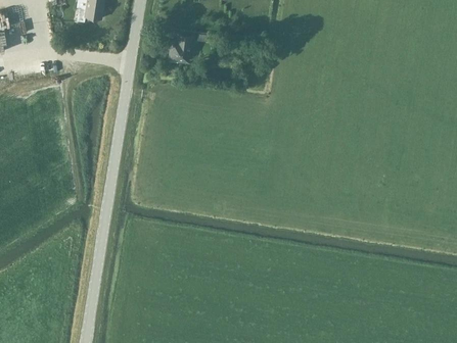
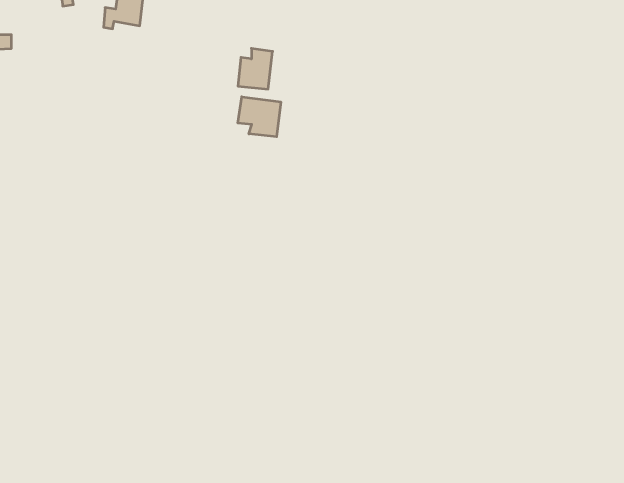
building: none -> [238,97,281,137]

